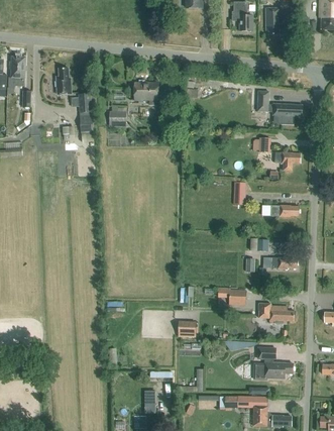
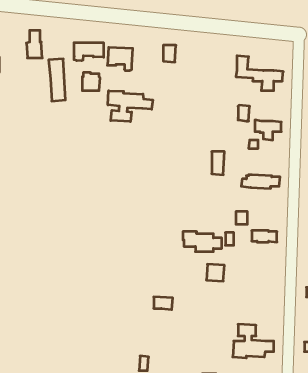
building: none -> [74,43,104,61]
building: none -> [108,91,153,122]
building: [257,304,295,323] -> [183,232,222,252]

